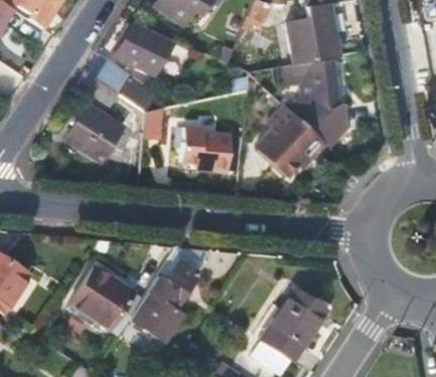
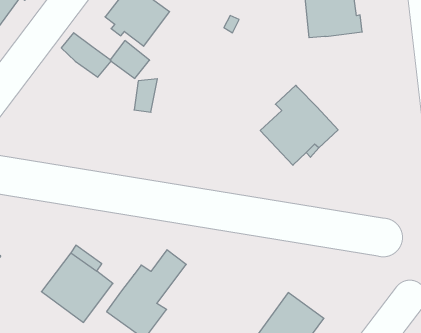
building: [281,60,346,147] -> none
building: [61,102,122,162] -> none
building: [176,128,229,171] -> none

